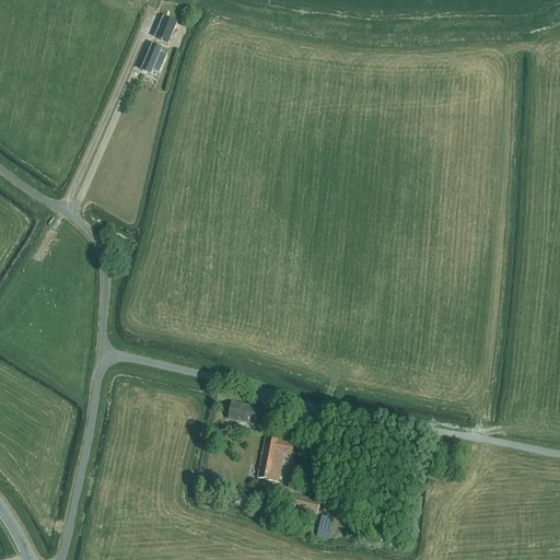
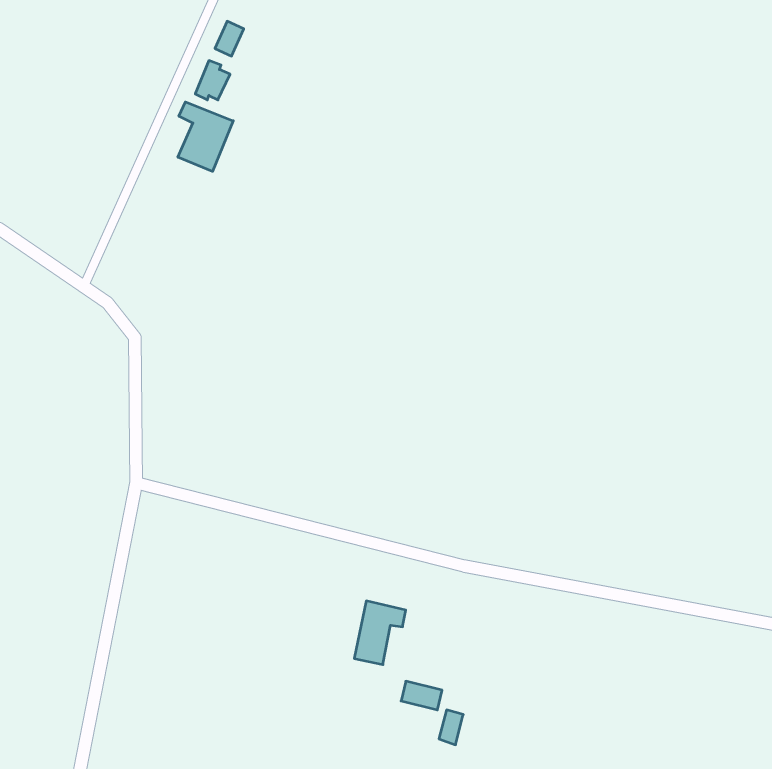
building: none -> [178,102,233,171]
building: [228,400,261,422] -> none

